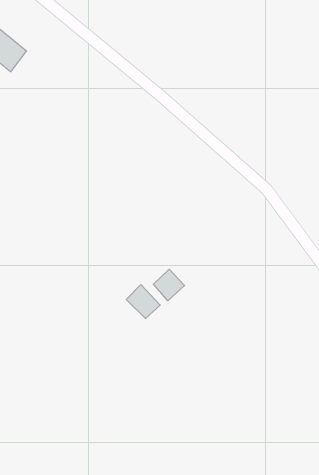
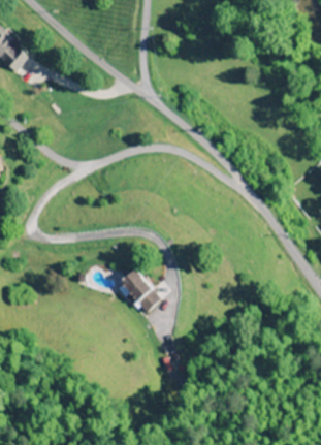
building: [153,269,185,301] -> none

